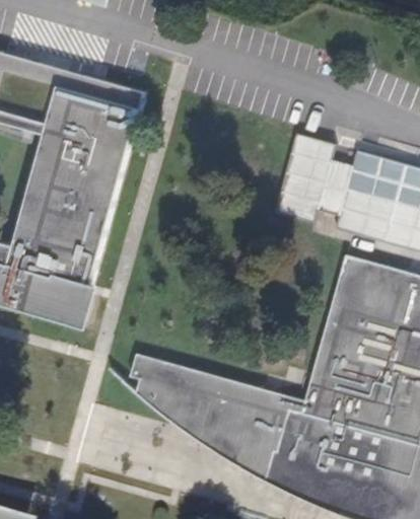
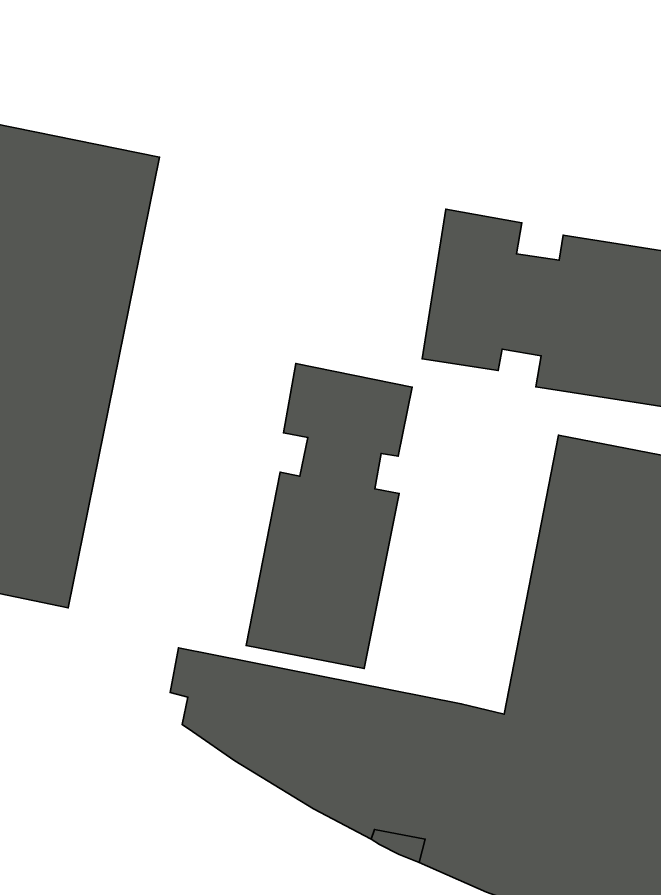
building: none -> [246,363,412,668]

